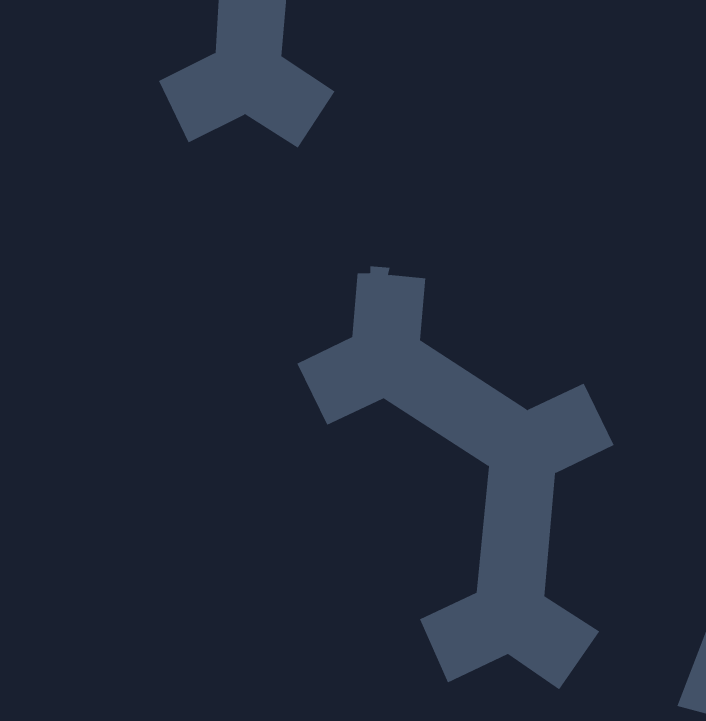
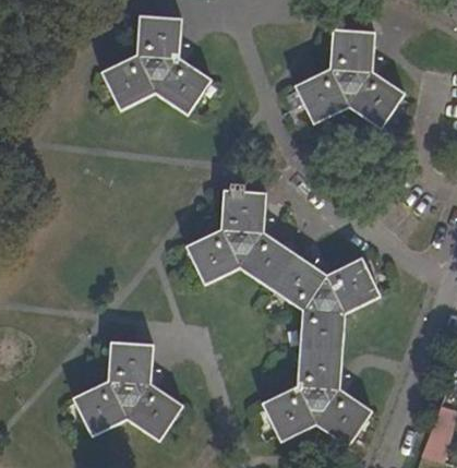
building: none -> [294,29,405,128]
building: none -> [72,343,182,441]

